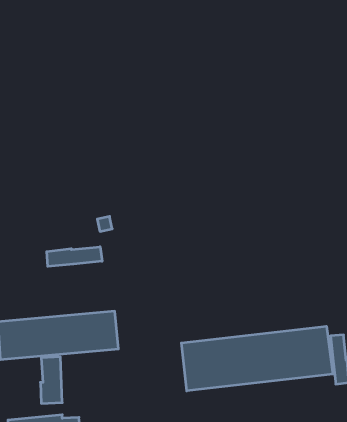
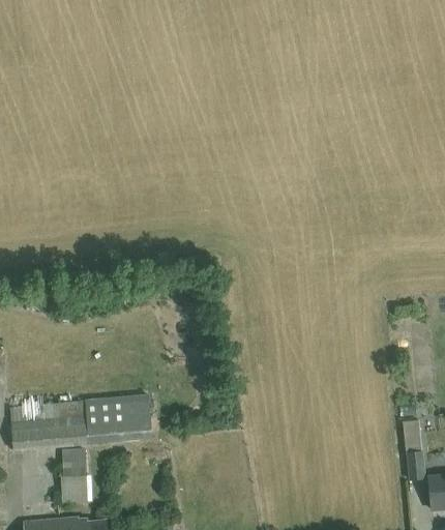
building: [47,247,102,266] -> none
building: [181,326,333,391] -> none

